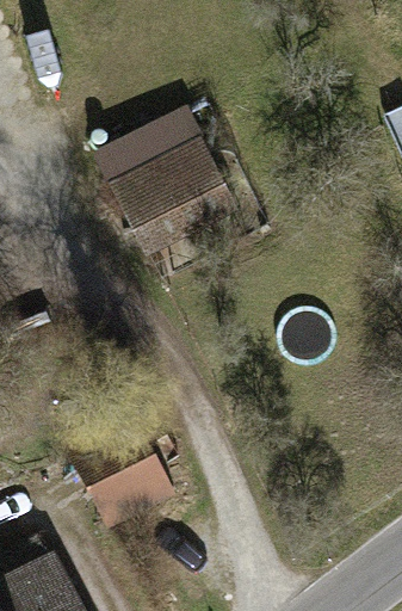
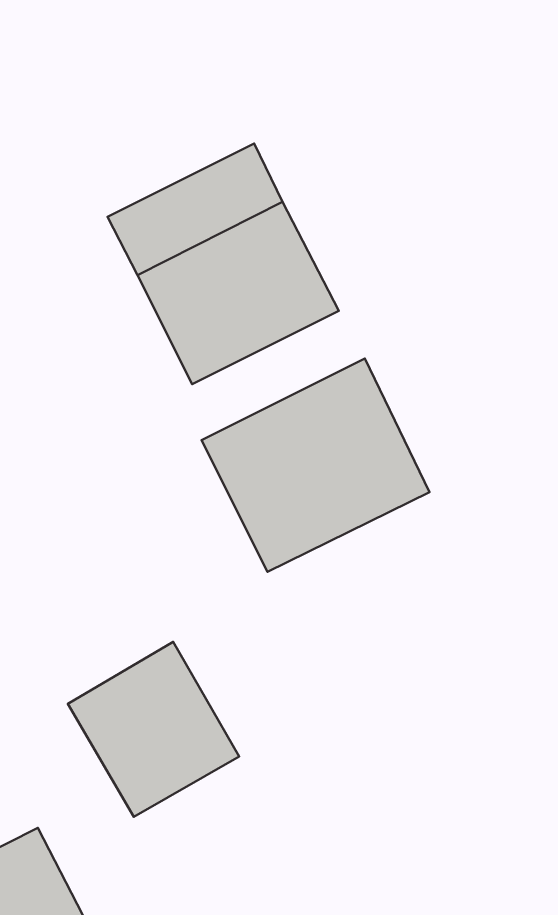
building: none -> [202,359,430,572]

